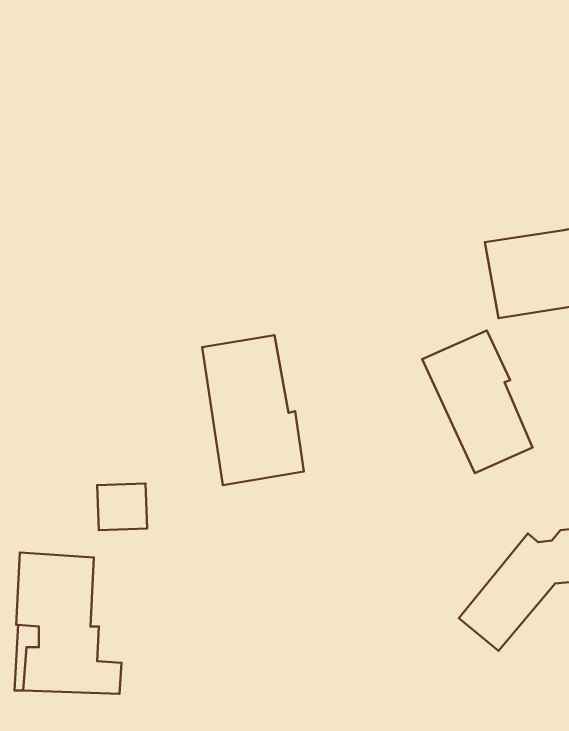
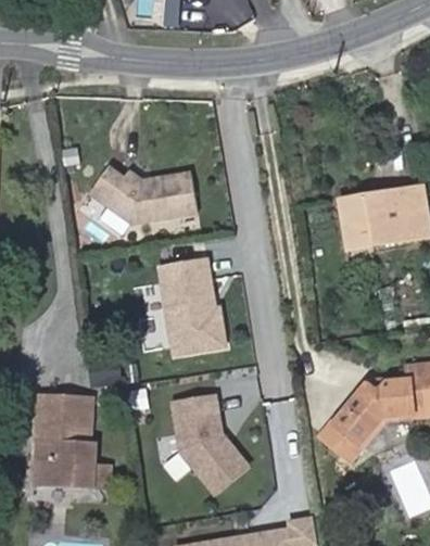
building: none -> [89,166,198,223]
building: [422,331,533,473] -> none
building: none -> [173,396,245,491]

